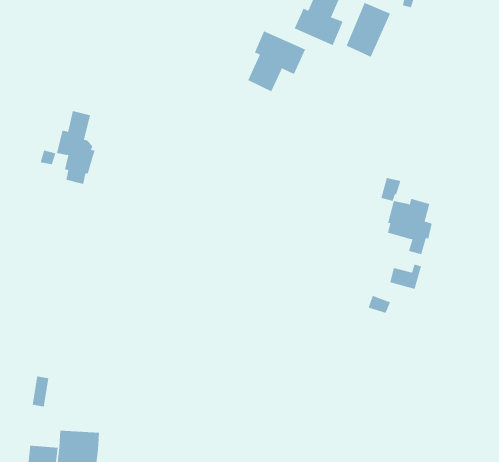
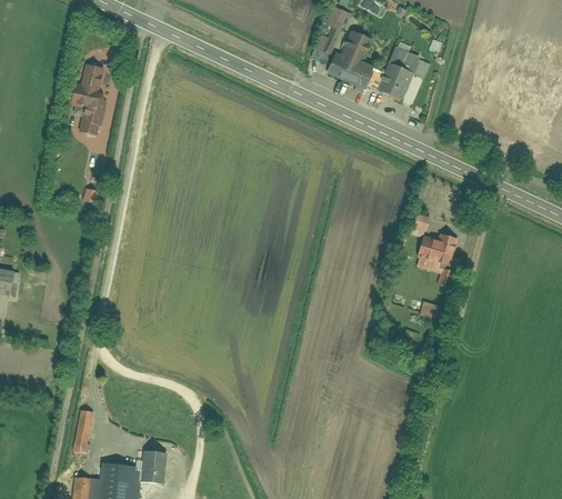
building: [247,31,306,92] -> none
building: [56,110,95,184] -> [70,64,108,136]
building: none -> [140,445,167,480]

